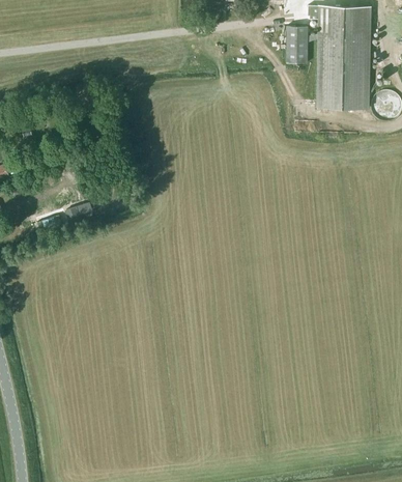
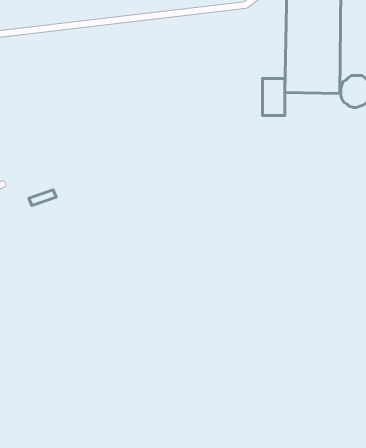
building: [286,26,308,62] -> [262,78,285,115]

